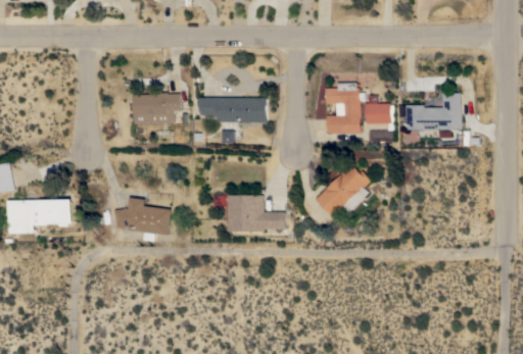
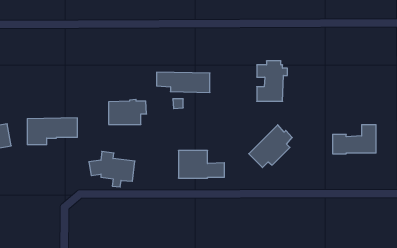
building: [133,92,181,123] -> [109,99,147,124]
building: [407,93,462,130] -> [333,125,376,154]
building: [365,103,392,134] -> none
building: [9,199,73,233] -> [27,118,77,145]

